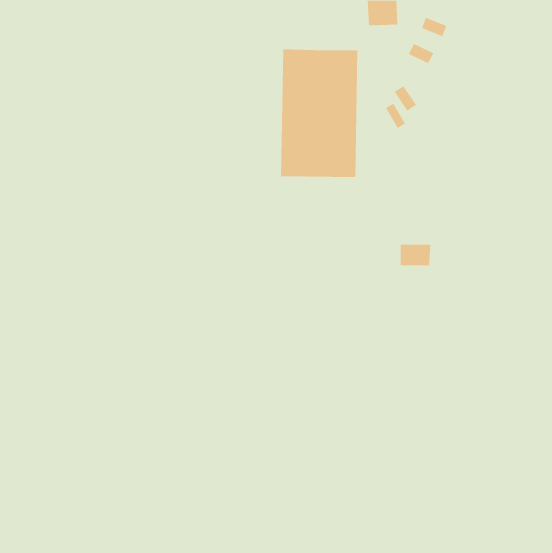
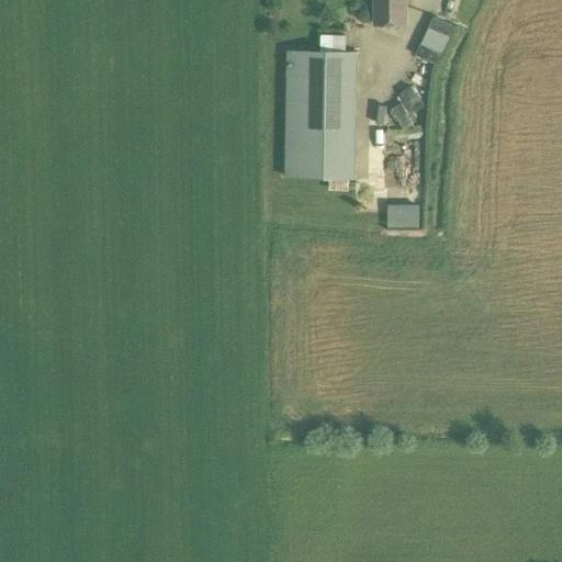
building: [400,244,431,266] -> [387,201,419,223]

